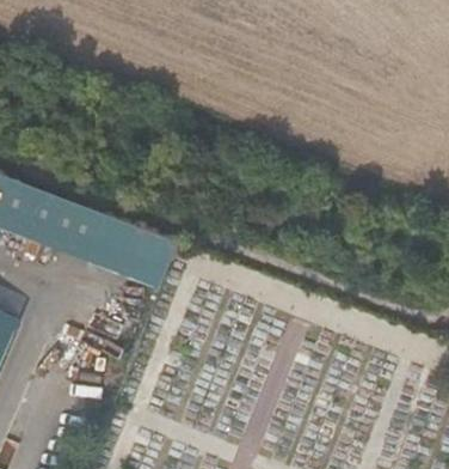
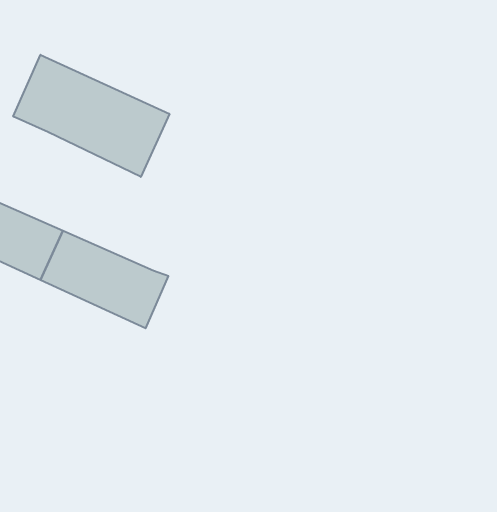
building: none -> [13,55,169,177]

